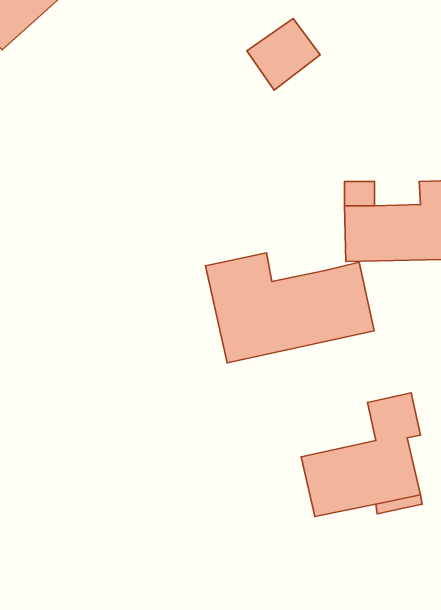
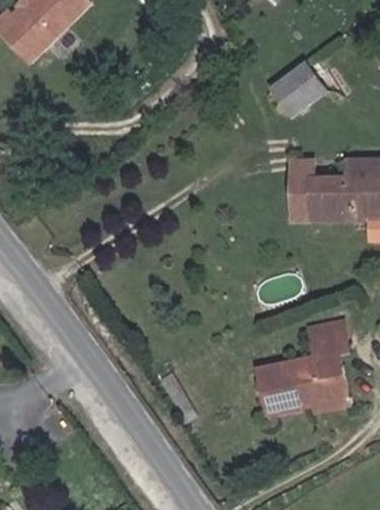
building: [247,18,320,90] -> [268,63,324,118]
building: [205,253,374,363] -> none

